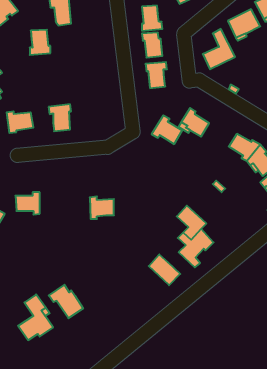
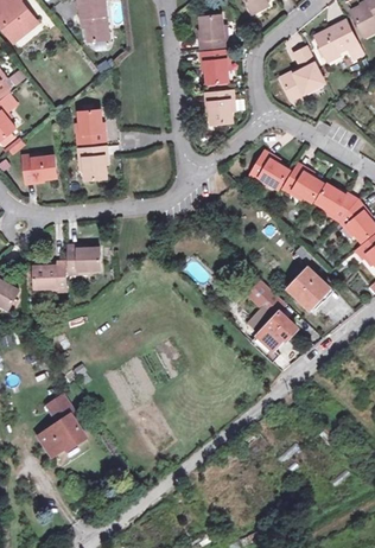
building: [30,30,50,55] -> [77,110,104,144]
building: [152,115,182,144] -> [282,164,323,202]
building: none -> [287,267,329,308]
building: [90,196,114,219] -> [68,244,100,274]
building: [149,254,180,285] -> none
building: [49,285,83,318] -> none

